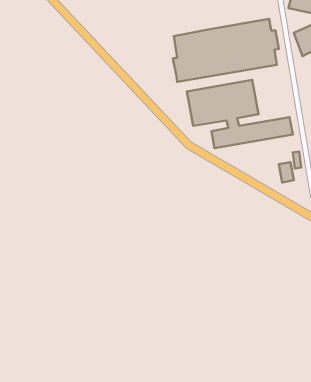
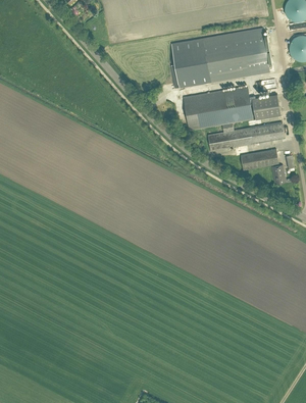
building: none -> [251,94,280,119]
building: none -> [240,149,278,169]

